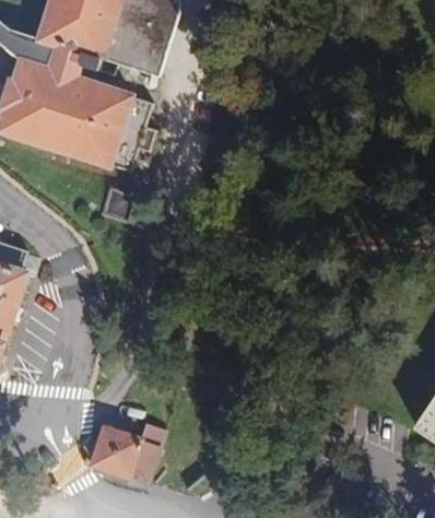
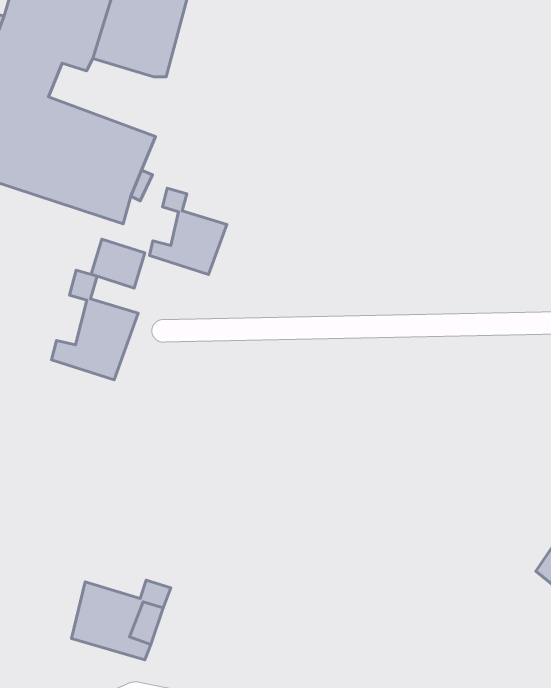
building: none -> [149,188,227,275]
building: none -> [52,270,138,380]

